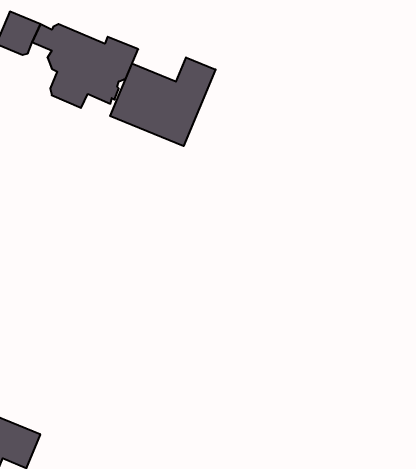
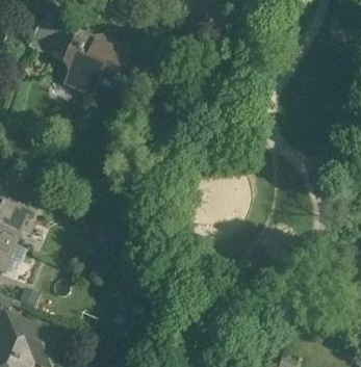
building: [110,57,216,146] -> none

